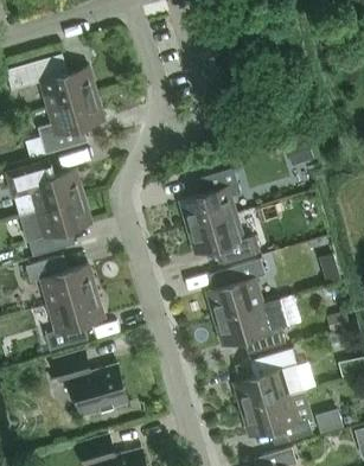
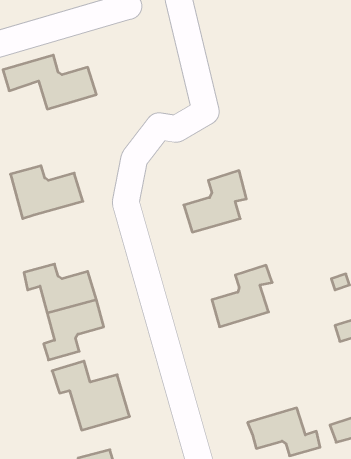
building: [37,95,102,155] -> none
building: [27,198,89,257] -> none
building: [187,215,257,262] -> none
building: [213,299,288,353] -> none
building: [234,350,304,411] -> none

